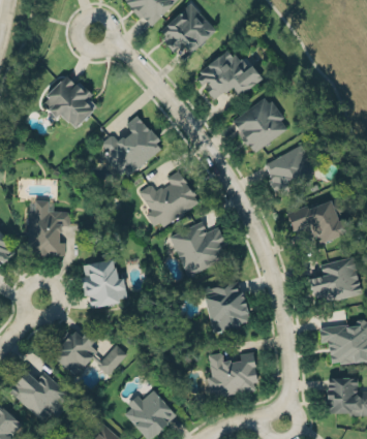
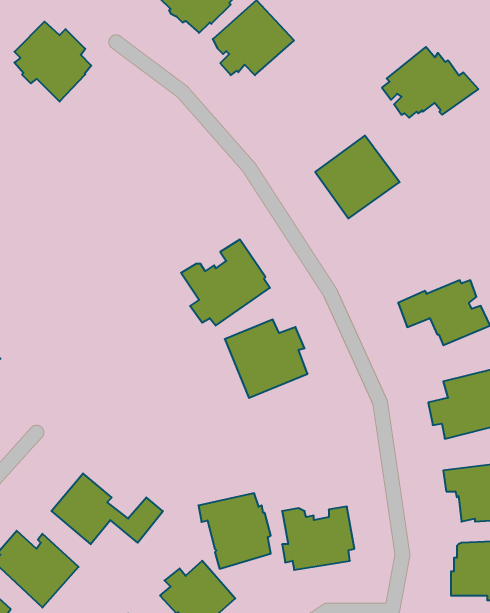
building: [196,52,263,100] -> [382,47,478,118]
building: [44,77,97,132] -> [14,22,91,102]
building: [101,114,162,176] -> none
building: [265,145,314,195] -> none
building: [28,201,70,256] -> none
building: [83,255,128,305] -> none
building: [200,280,249,332] -> [198,493,271,569]

